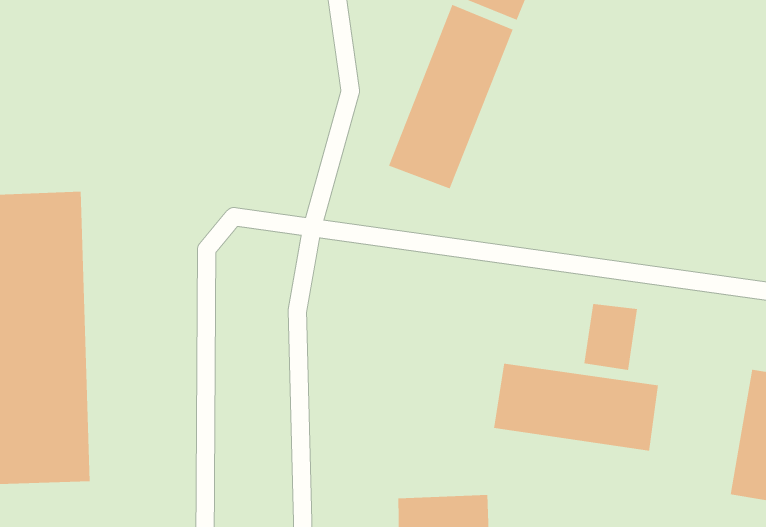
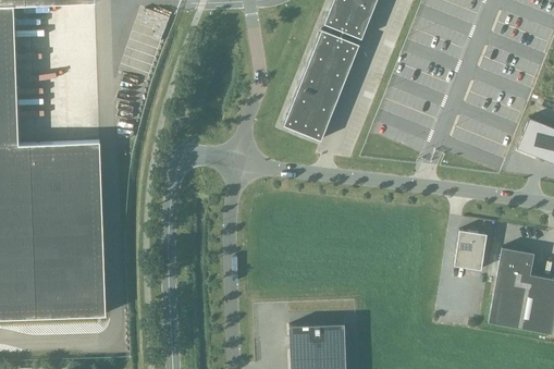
building: [584,303,638,371] -> [453,230,485,270]
building: [494,363,658,451] -> none

